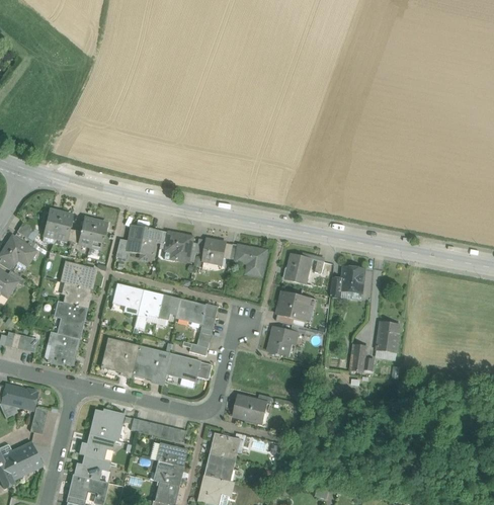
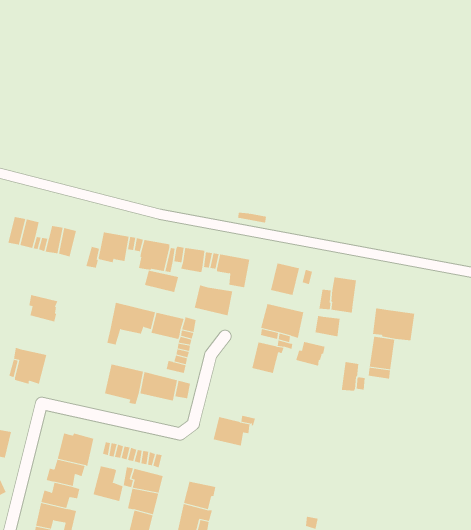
building: none -> [144,270,179,293]
building: [61,262,96,289] -> none
building: none -> [194,285,233,316]
building: [113,283,143,314] -> none
building: none -> [373,308,415,341]
building: [56,301,87,338] -> none
building: none -> [315,315,340,337]
building: none -> [295,341,325,367]
building: [103,339,139,376] -> none
building: [211,434,239,459] -> none
building: none -> [93,466,123,502]

